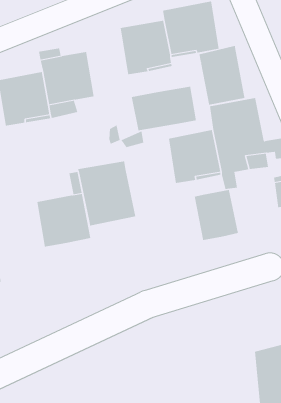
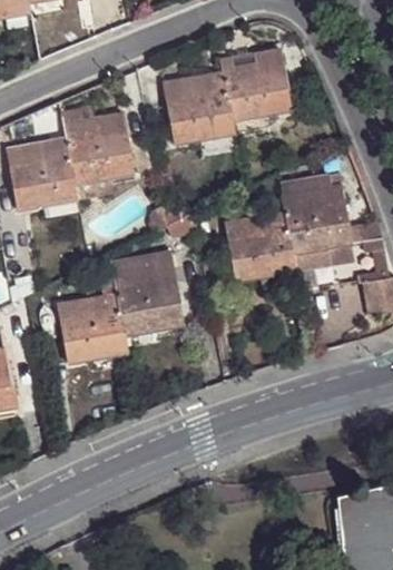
building: [199,45,245,105] -> none
building: [131,86,197,131] -> none
building: [194,189,238,241] -> none

